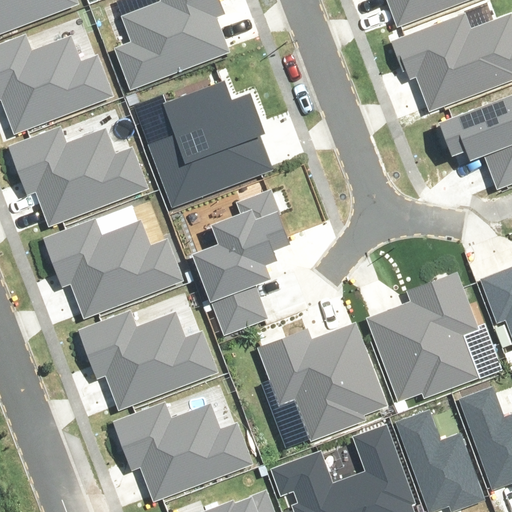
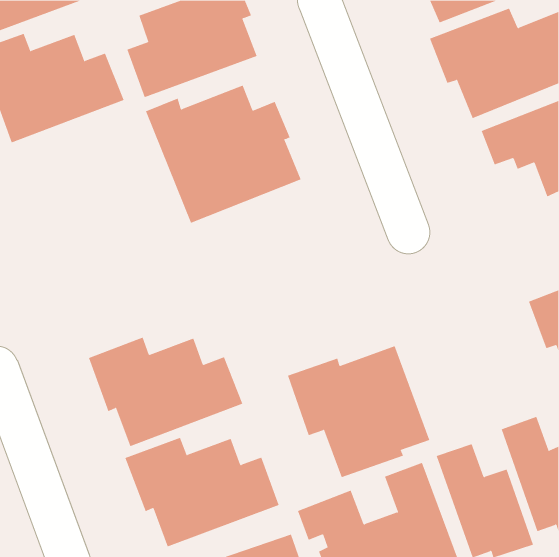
building: [7,128,148,228] -> none
building: [196,185,294,330] -> none
building: [41,216,182,316] -> none
building: [365,273,480,401] -> none

